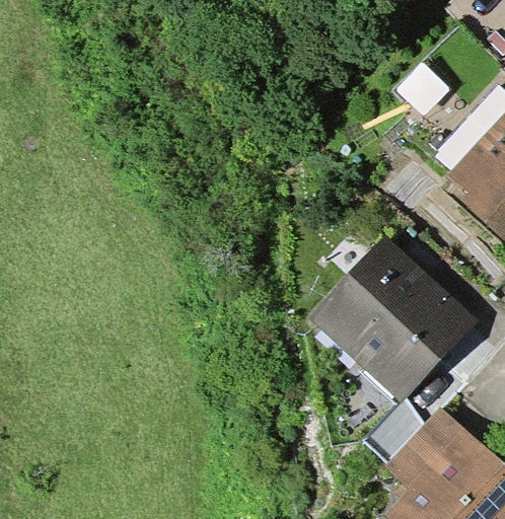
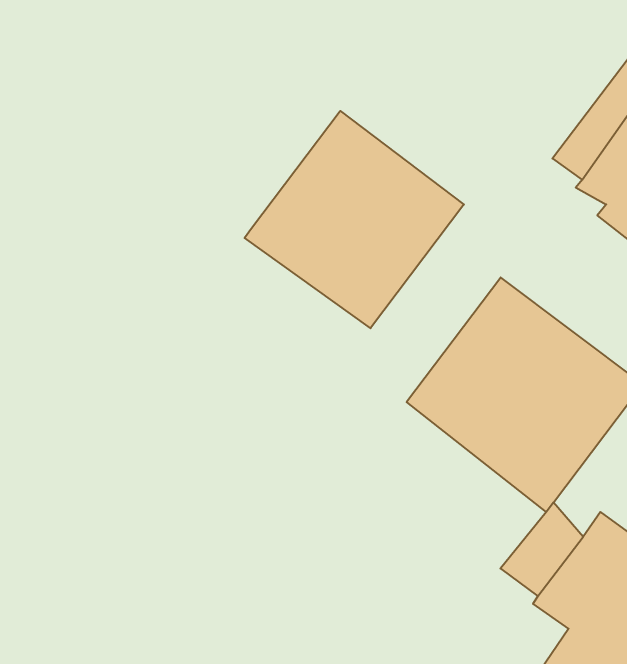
building: none -> [245,111,464,328]

